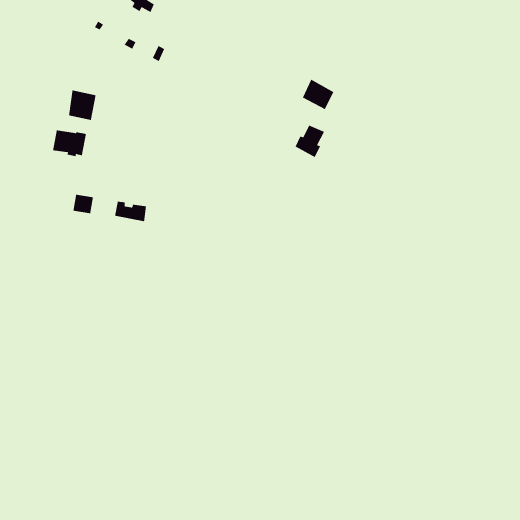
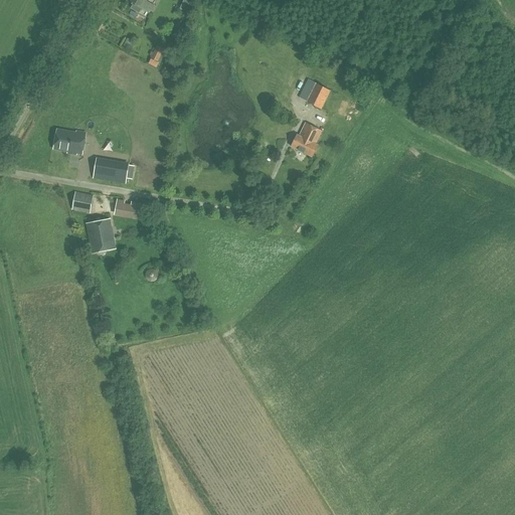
building: [68,89,97,121] -> none
building: none -> [94,157,128,182]
building: none -> [88,217,116,251]

